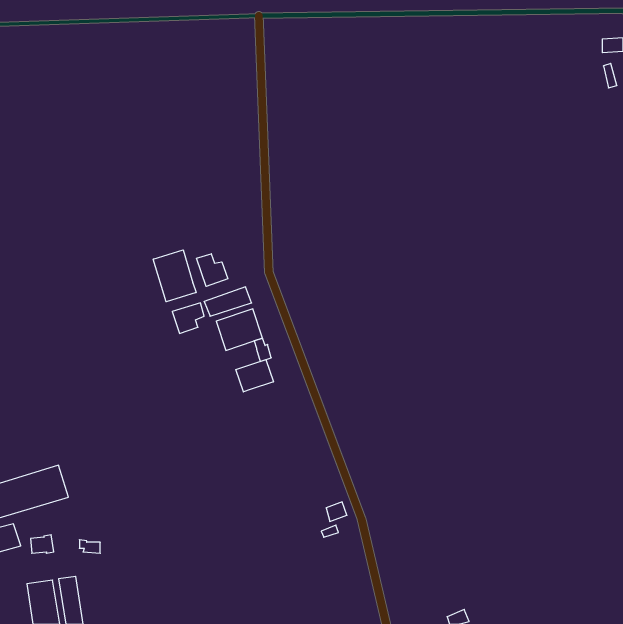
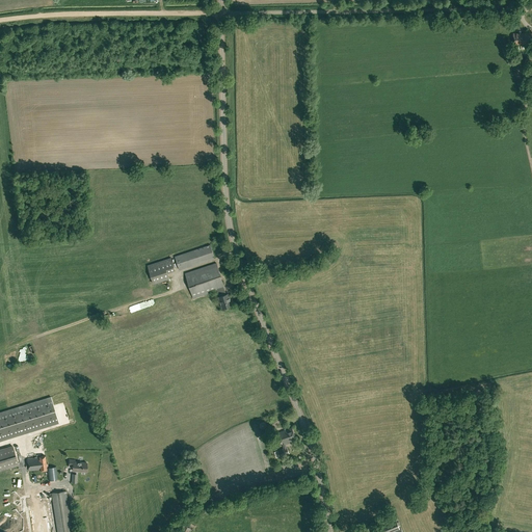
building: [153,250,196,302] -> none
building: [197,254,228,286] -> none
building: [236,360,273,392] -> none

